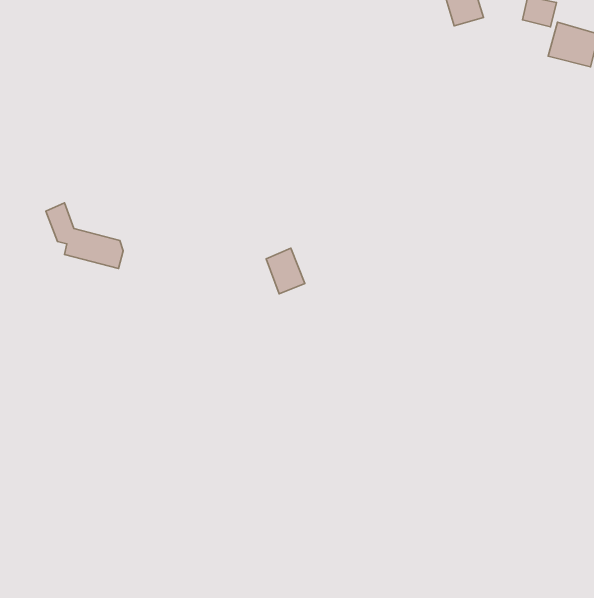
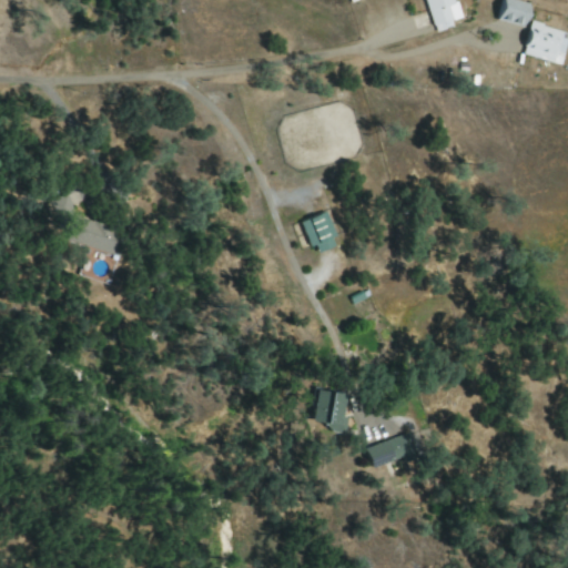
building: [266,248,305,294] -> [304,211,341,254]
building: none -> [327,392,345,429]
building: none -> [366,432,417,467]

